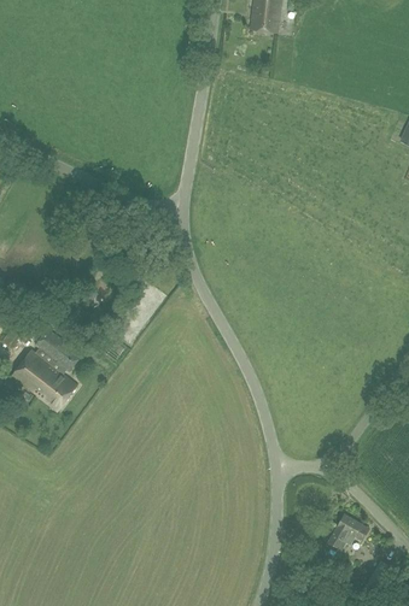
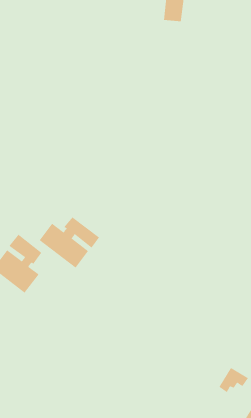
building: none -> [39,217,100,268]

